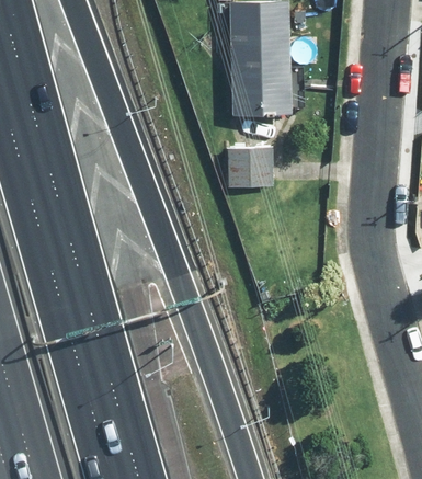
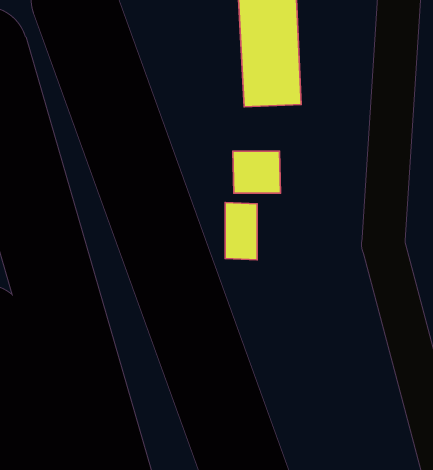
building: none -> [225,202,257,260]

